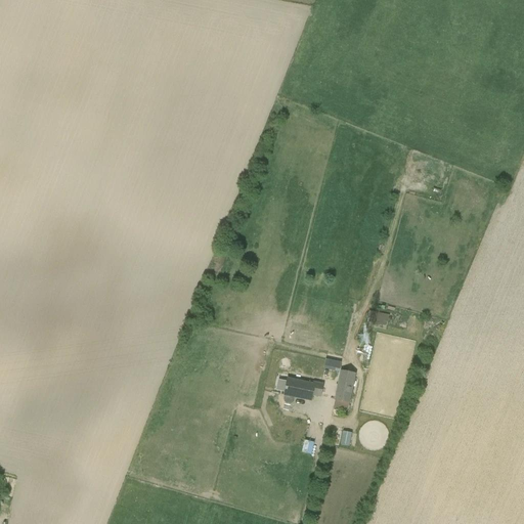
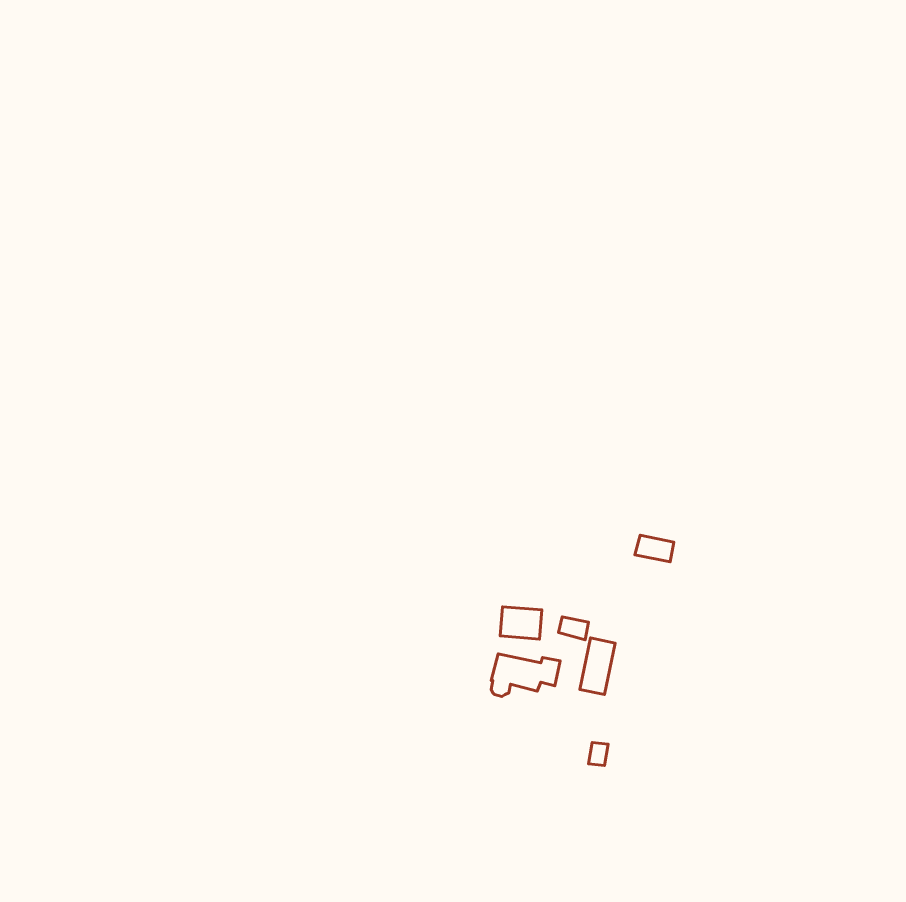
building: none -> [500,607,542,639]

